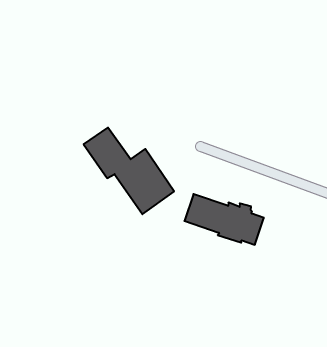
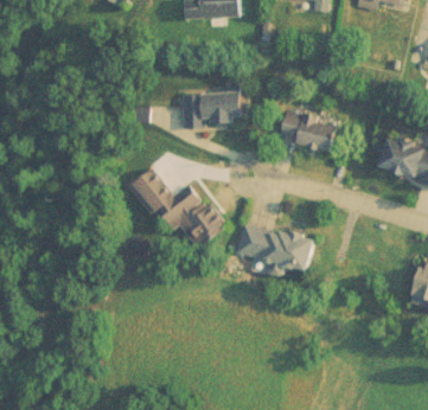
building: none -> [183,82,242,130]
building: none -> [280,114,338,153]

